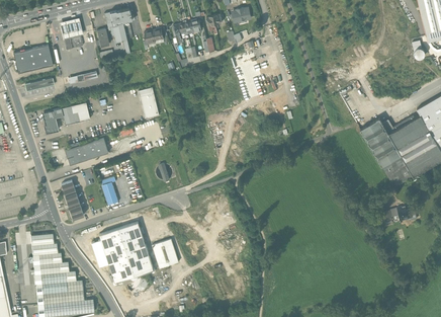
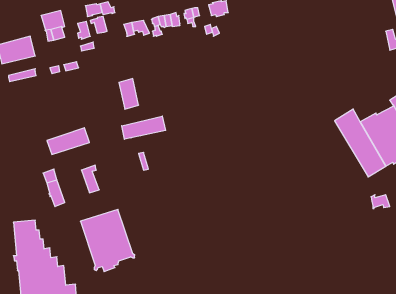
building: [43,102,90,134] -> none
building: none -> [122,116,166,139]
building: [152,239,179,267] -> none

